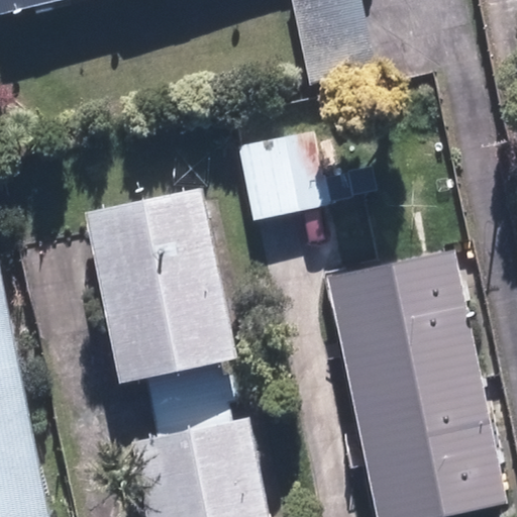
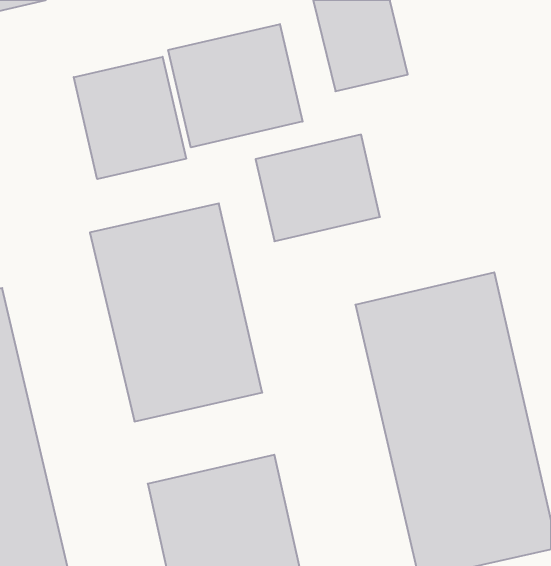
building: none -> [168,24,303,147]
building: none -> [74,57,186,179]

